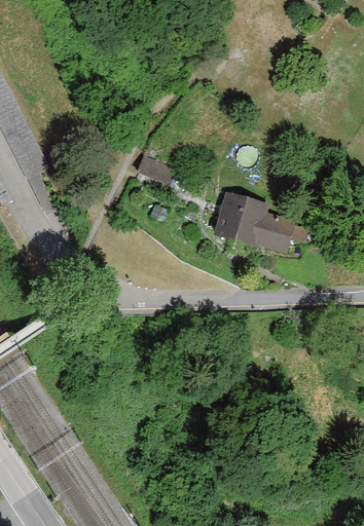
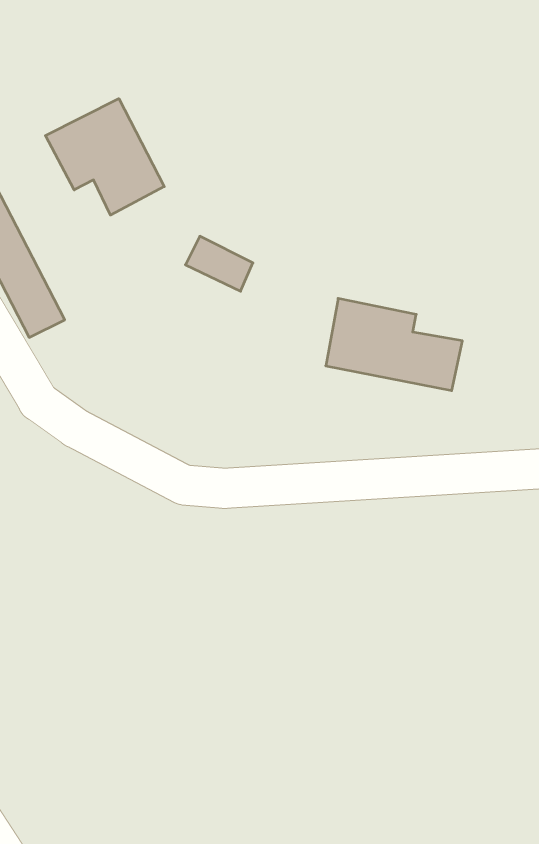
building: none -> [45,99,164,215]

